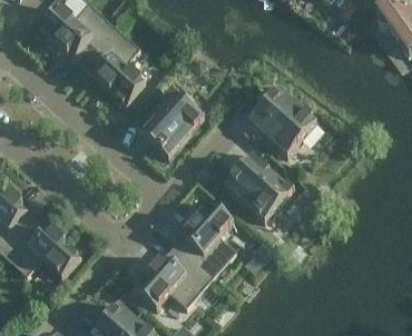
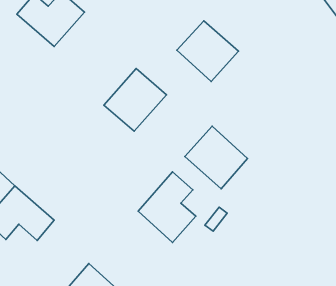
building: [80,23,145,102] -> none
building: [248,86,316,152] -> [177,21,238,81]
building: [134,243,210,305] -> none

